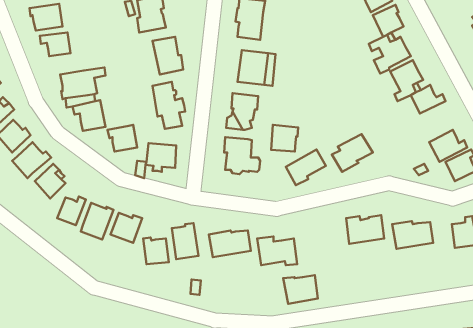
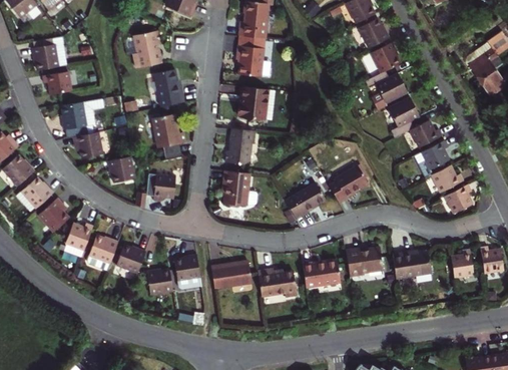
building: none -> [412,138,447,176]
building: [271,125,298,151] -> none
building: [283,275,318,304] -> [301,259,335,287]

